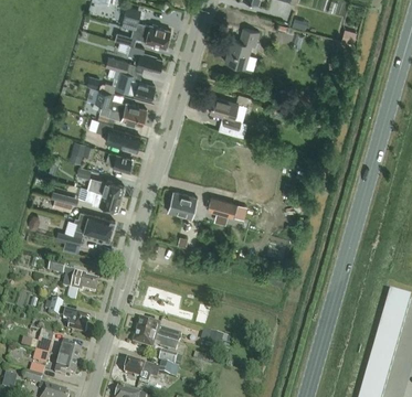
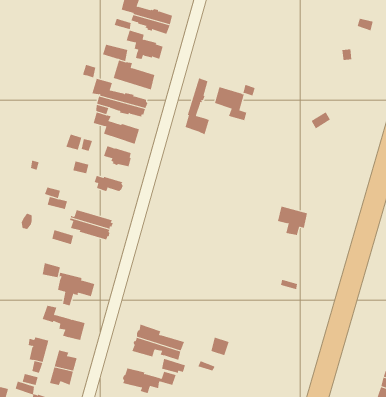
building: [225,28,260,68] -> none
building: none -> [185,78,209,135]
building: [87,190,122,211] -> none
building: [168,191,198,218] -> none
building: [208,196,236,224] -> [277,206,308,235]

